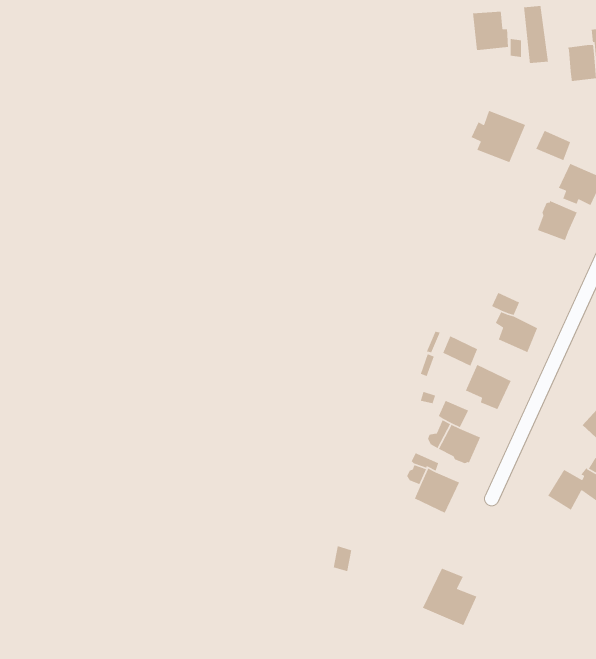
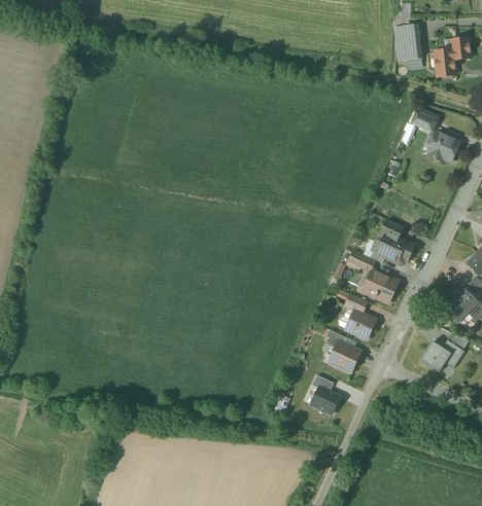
building: [472,11,509,54] -> none
building: [470,110,526,163] -> none
building: [537,200,578,241] -> none
building: [422,568,477,626] -> [303,375,341,415]

